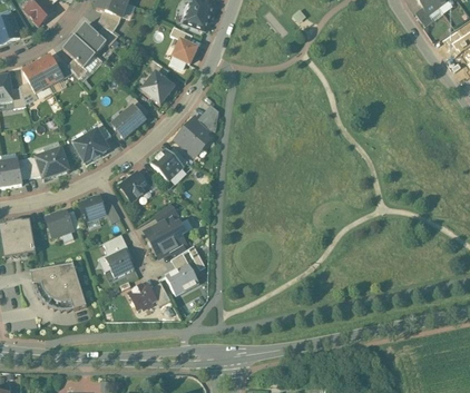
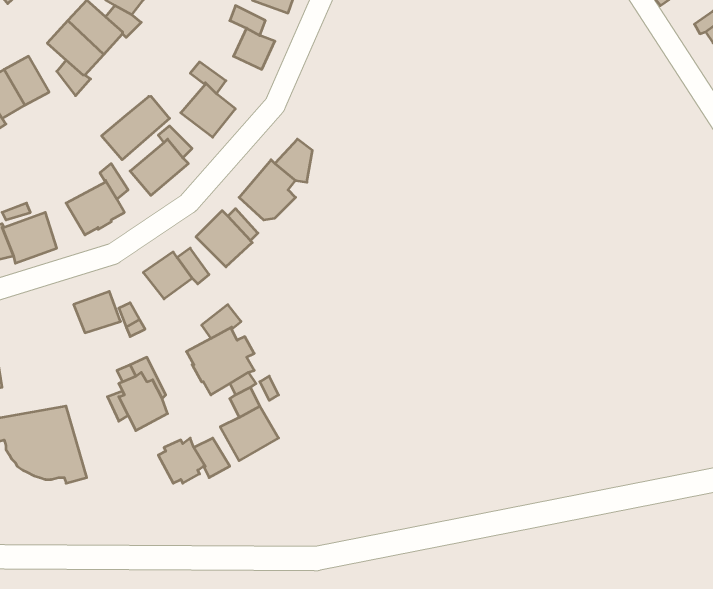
building: none -> [102,96,170,160]
building: [45,209,74,236] -> none

